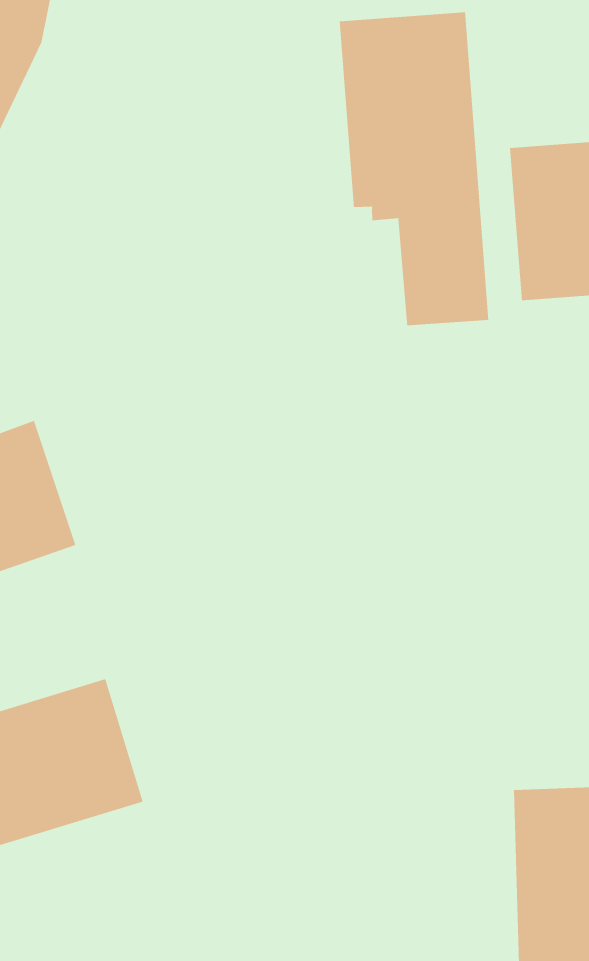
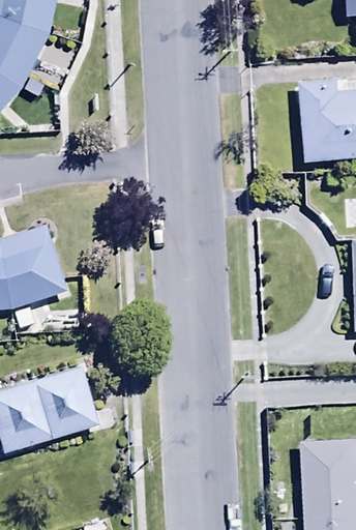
building: [339,12,489,326] -> none

